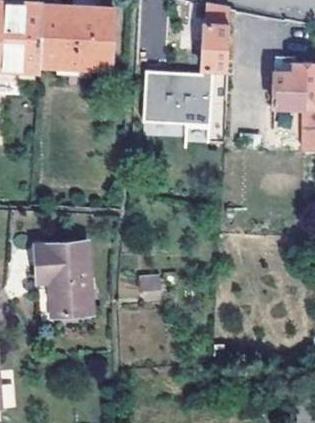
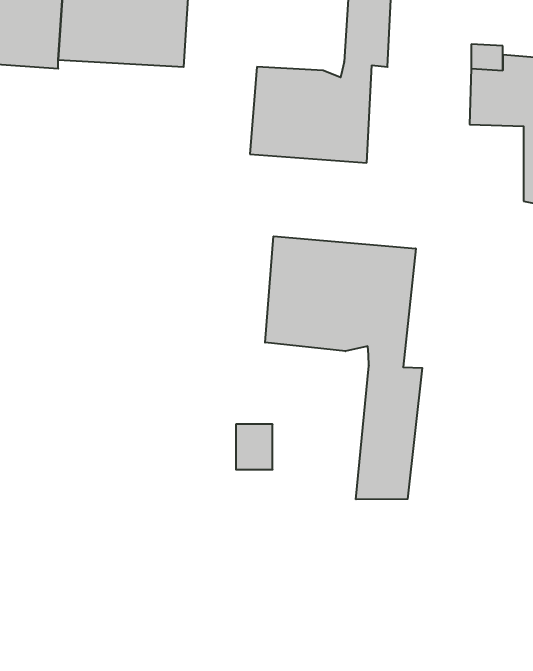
building: none -> [265,236,422,499]
building: [29,239,88,316] -> none

